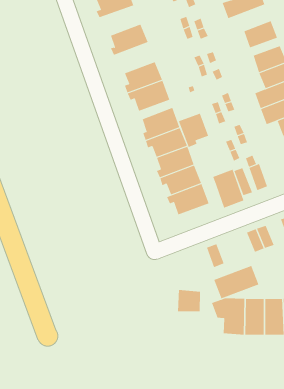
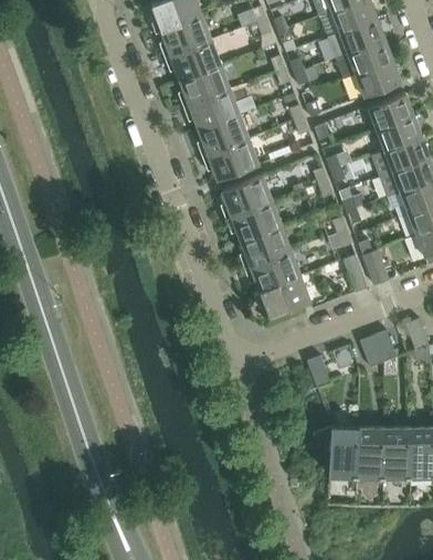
building: none -> [335,40,392,80]
building: none -> [165,41,220,81]
building: none -> [183,89,239,130]
building: [178,113,209,148] -> none
building: [212,169,244,208] -> none
building: [213,265,259,299] -> none
building: [178,289,201,312] -> none

